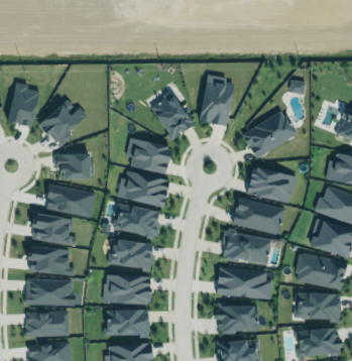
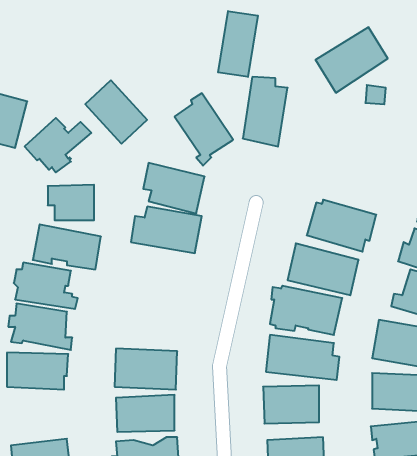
building: none -> [218,11,258,77]
building: none -> [85,80,147,144]
building: [241,110,295,158] -> [315,27,388,93]
building: [114,205,161,238] -> none
building: [109,239,156,271] -> none
building: [26,312,70,338] -> none

